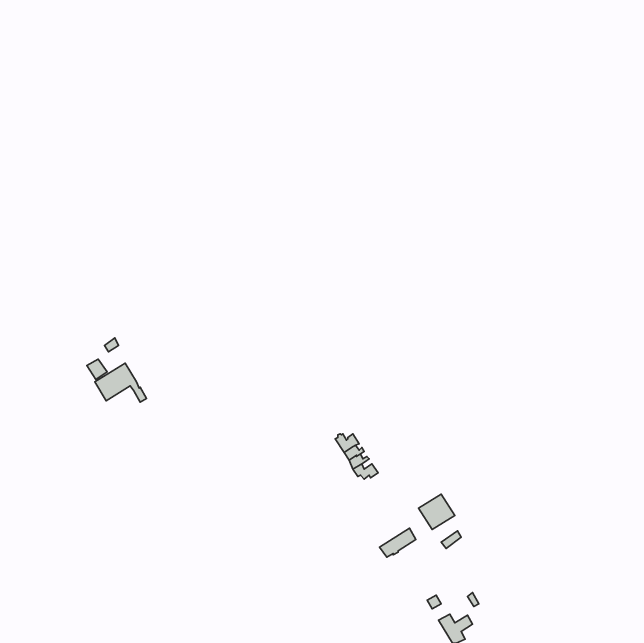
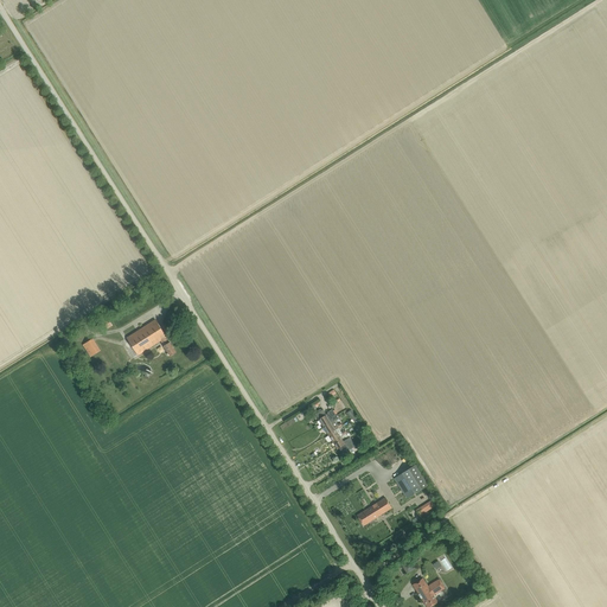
building: [95,363,147,402] -> [127,319,175,356]

